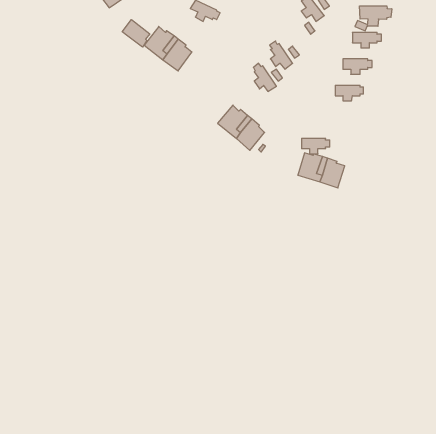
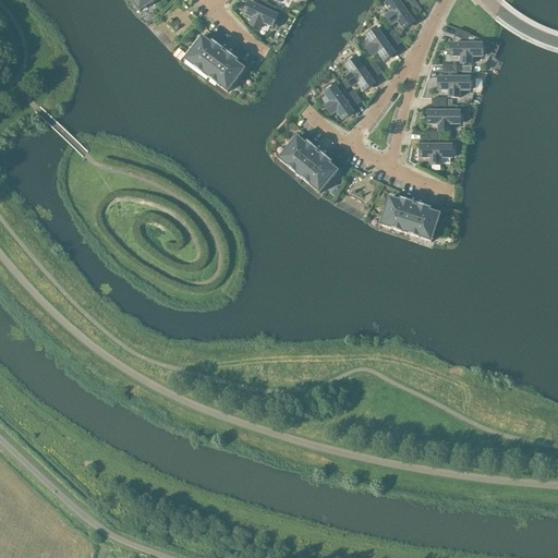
building: [360,6,392,26] -> none
building: [122,20,150,47] -> none
building: none -> [366,26,395,59]
building: [302,138,330,154] -> [421,143,457,162]

